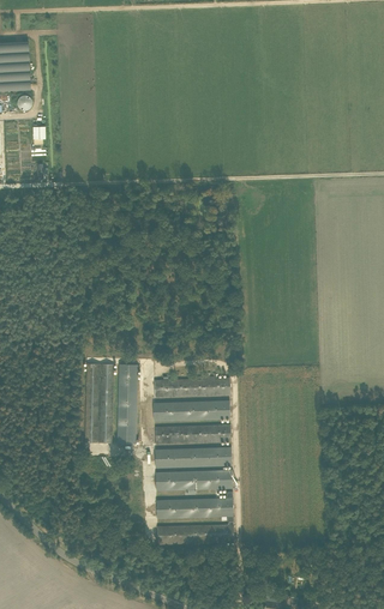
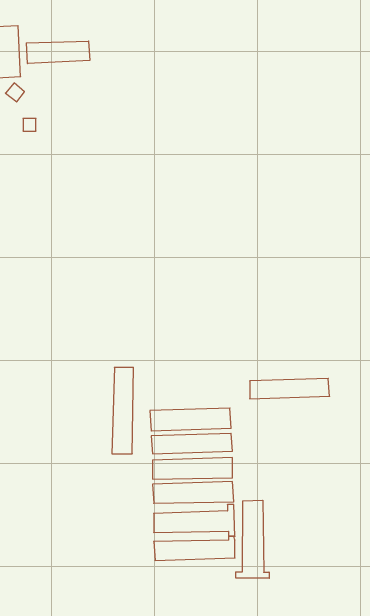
building: none -> [26,41,90,64]
building: [84,362,113,442] -> none
building: [154,376,229,396] -> [250,378,330,399]
building: none -> [236,500,269,578]

